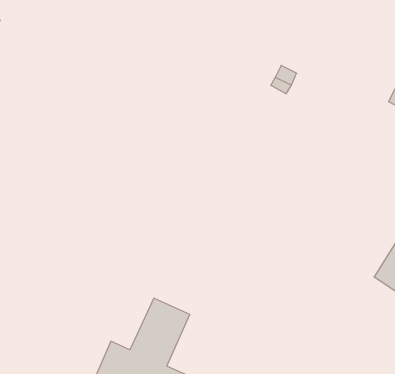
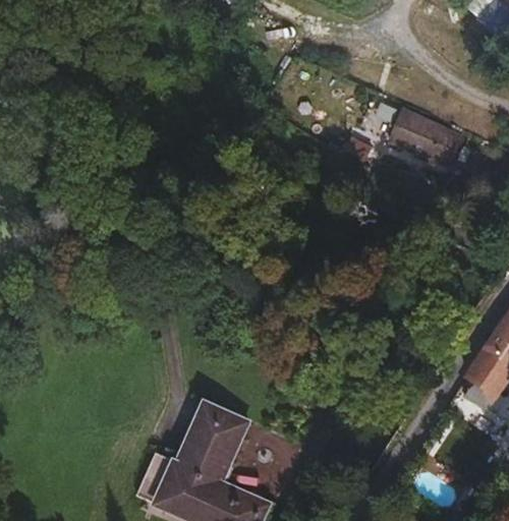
building: none -> [391,110,462,166]

